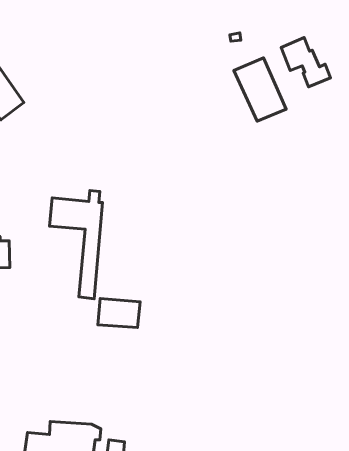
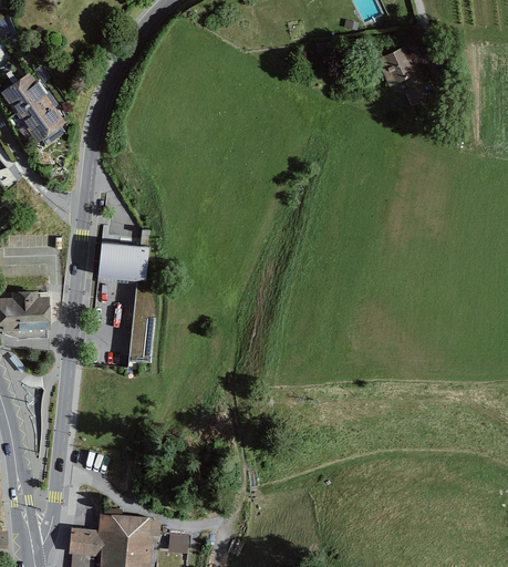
building: [234,58,286,121] -> none
building: [98,299,140,327] -> none

